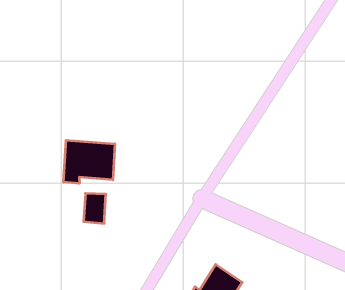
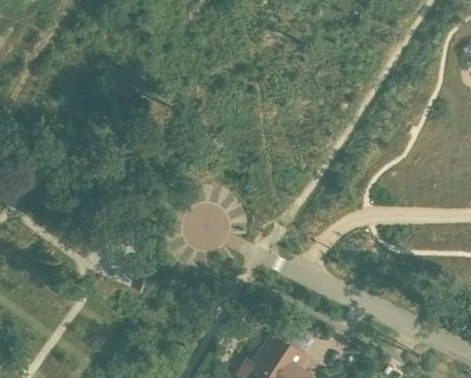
building: [64,140,115,183] -> none

